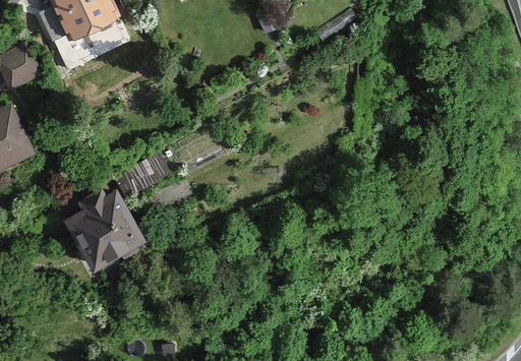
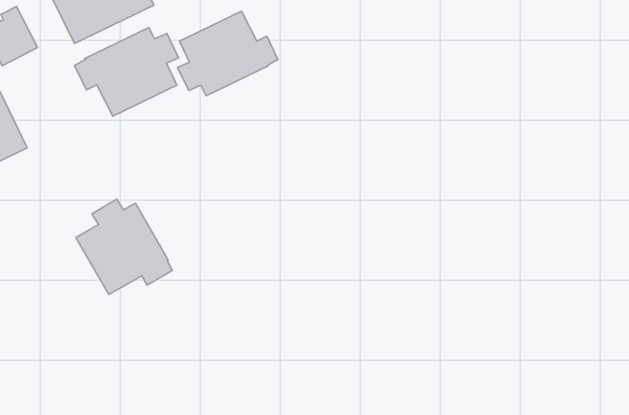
building: none -> [178,11,278,96]
building: none -> [75,28,179,116]

